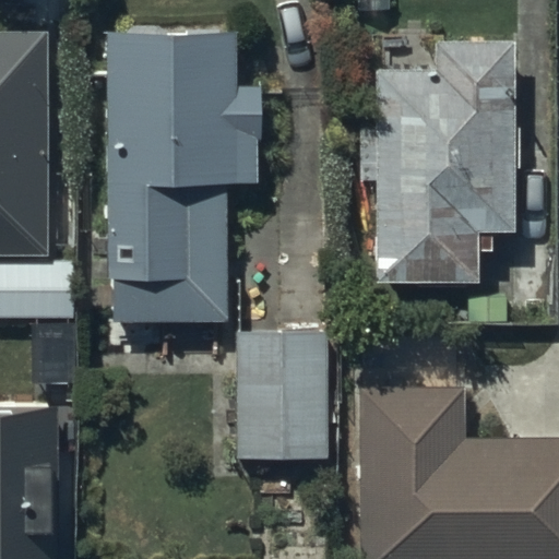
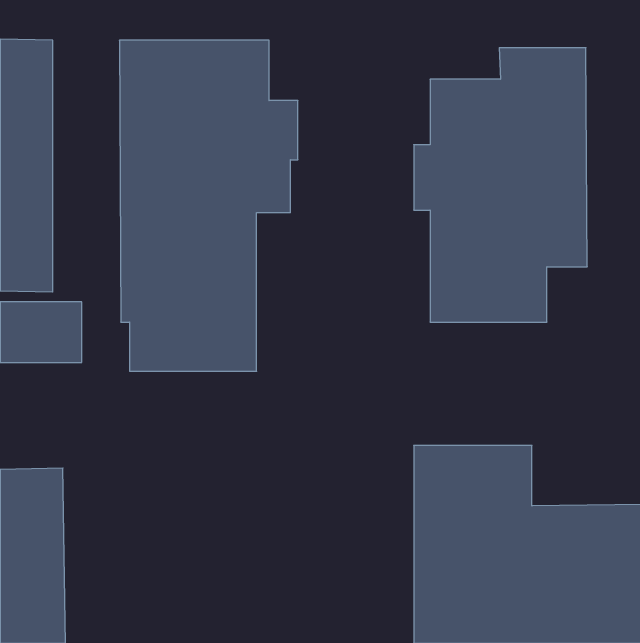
building: [236,332,340,459] -> none

